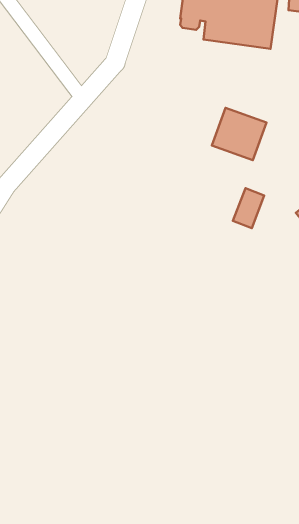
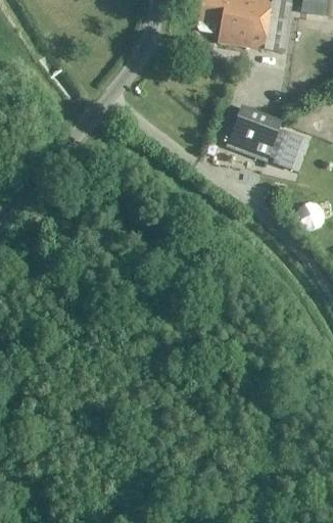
building: [233,188,264,228] -> [274,130,304,169]

